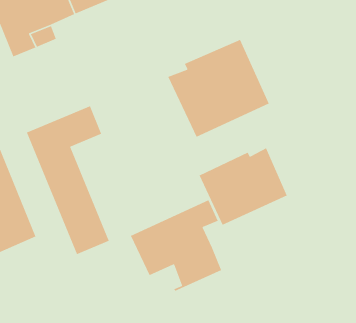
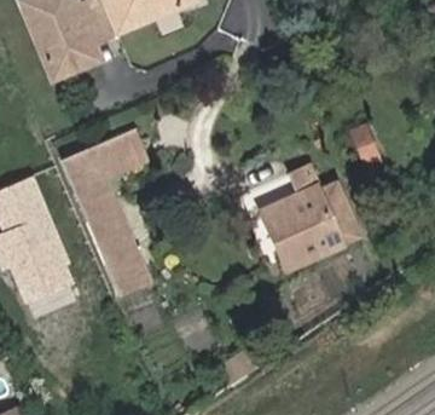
building: [167,39,270,138] -> none
building: [130,199,222,292] -> none

